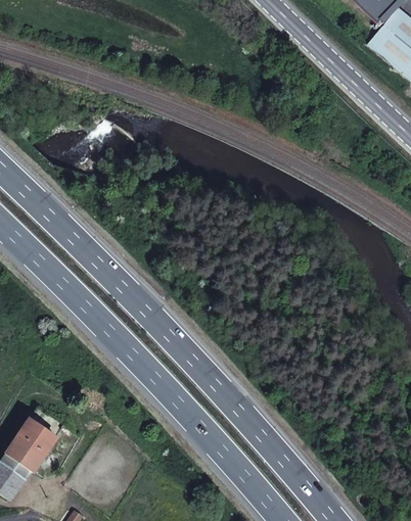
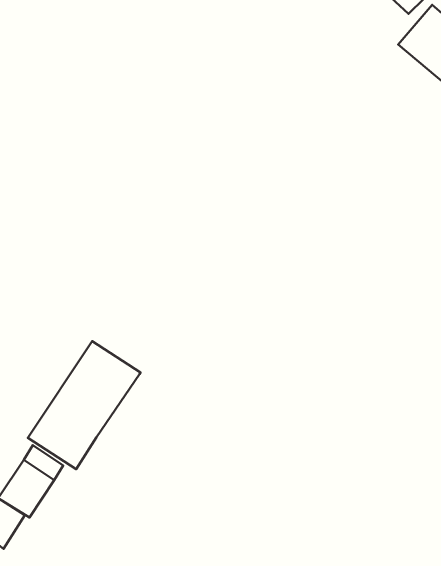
building: none -> [28,341,140,469]

